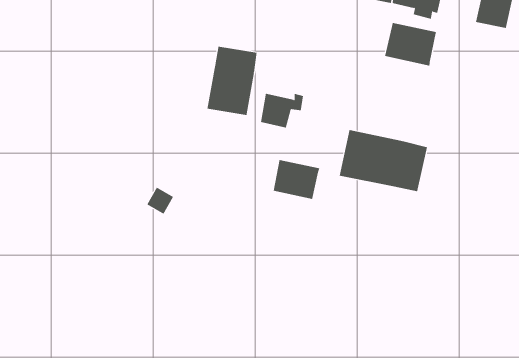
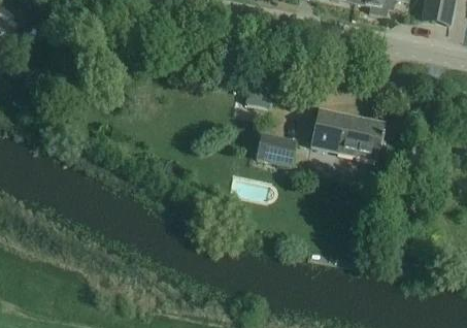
building: [385,22,436,67] -> none
building: [207,46,257,116] -> none

